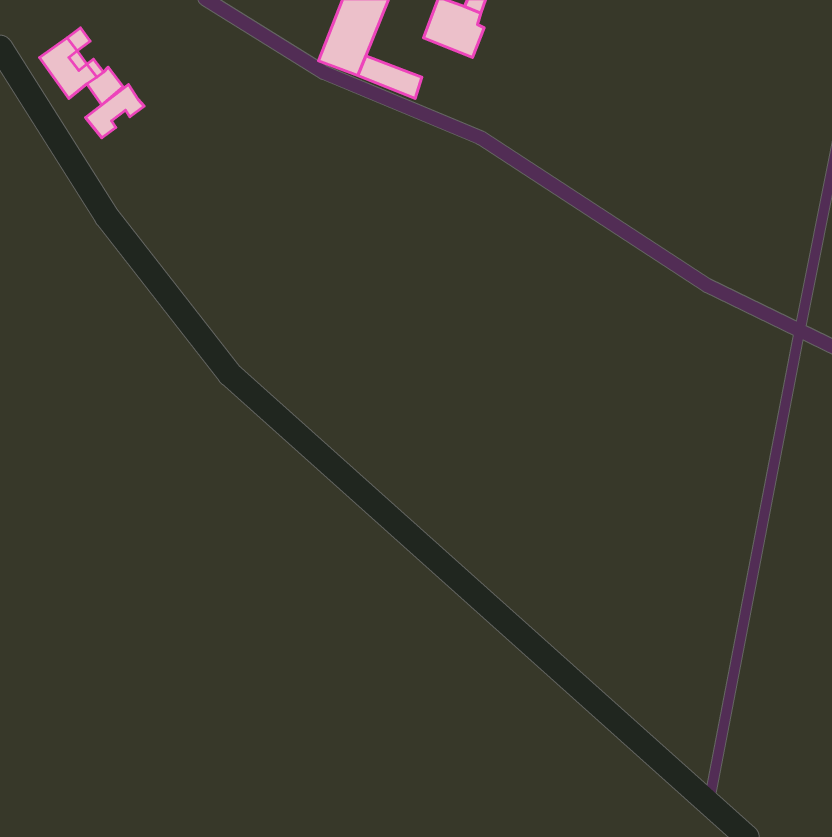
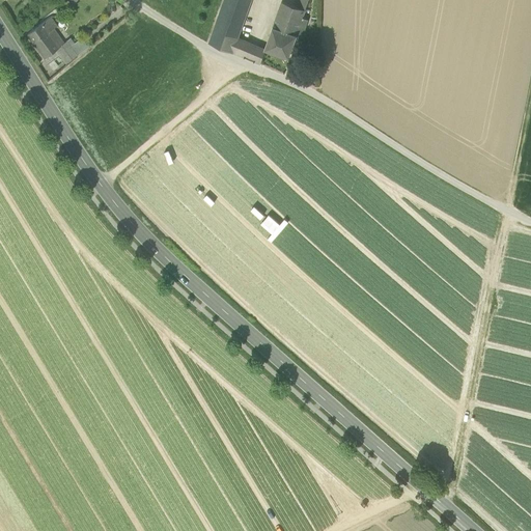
building: none -> [262,24,303,56]
building: [86,84,144,138] -> none

